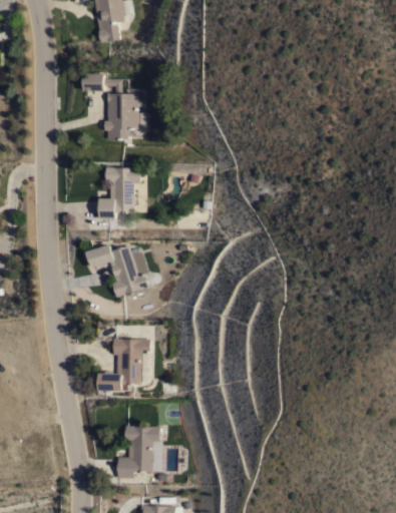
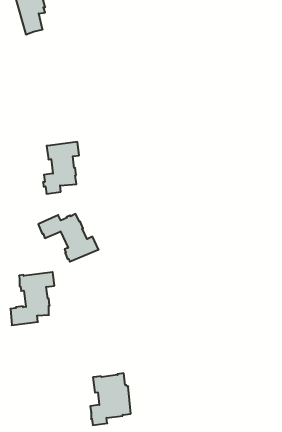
building: [80,72,140,139] -> none
building: [97,338,149,391] -> [10,272,54,325]

